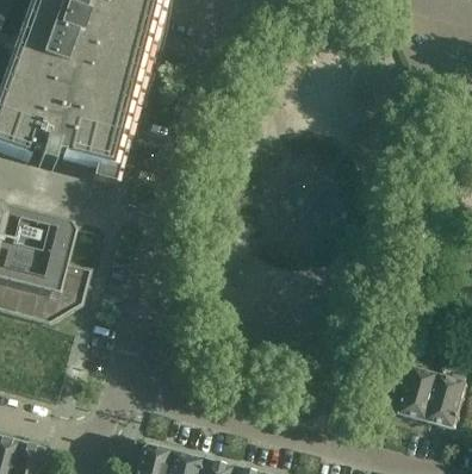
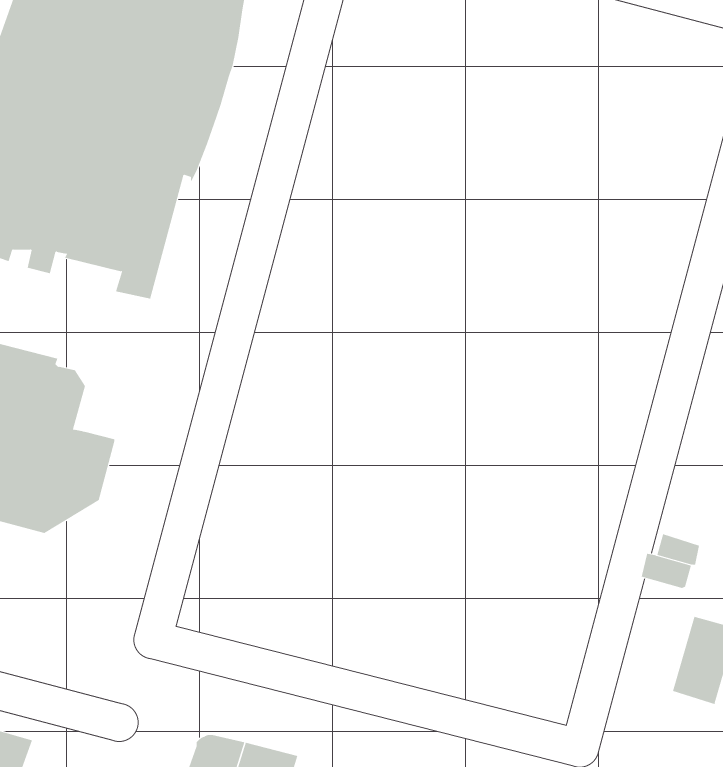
building: [402,367,441,419] -> none

